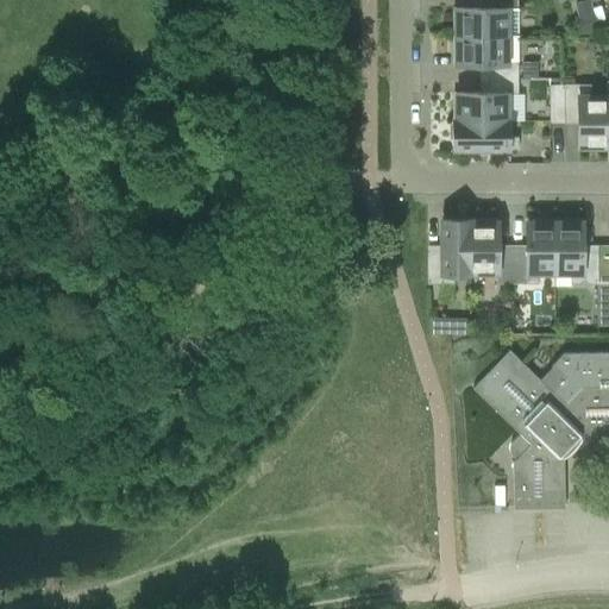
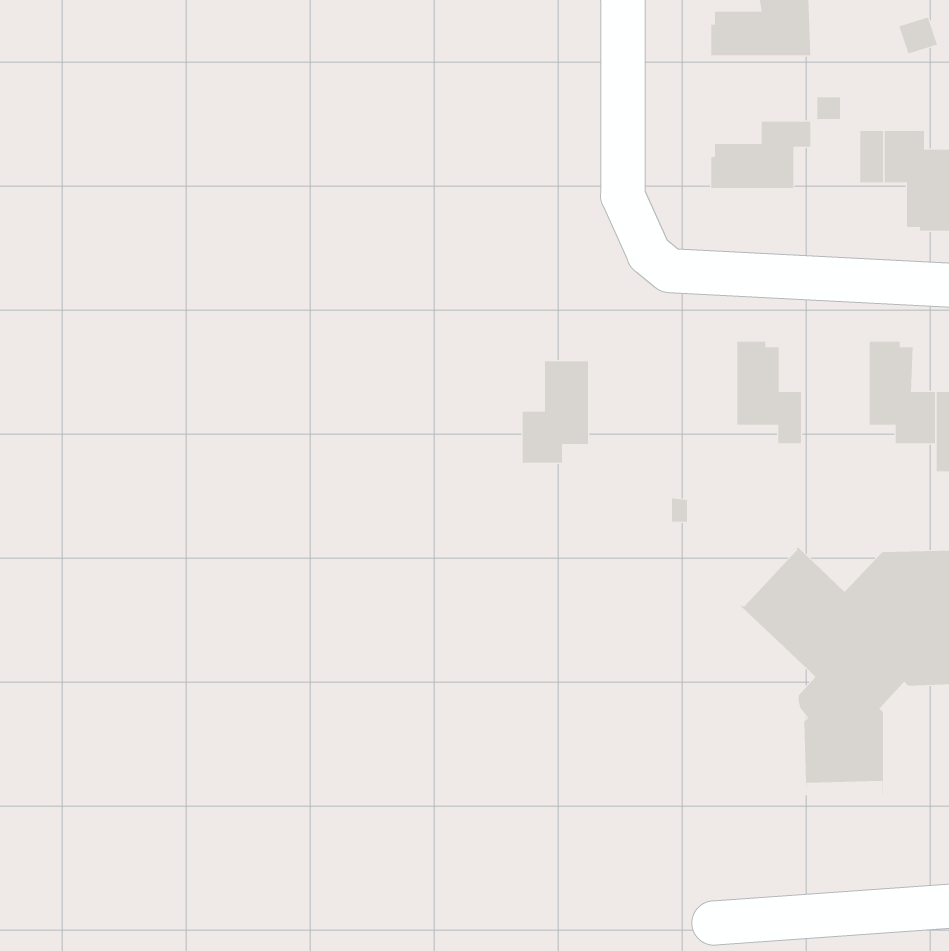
building: [456,36,520,77] -> none
building: [456,120,520,147] -> none
building: [429,218,472,283] -> [522,361,589,463]
building: [514,218,557,283] -> none

